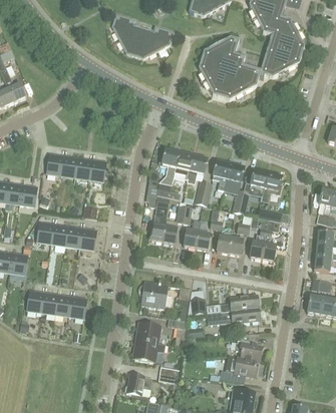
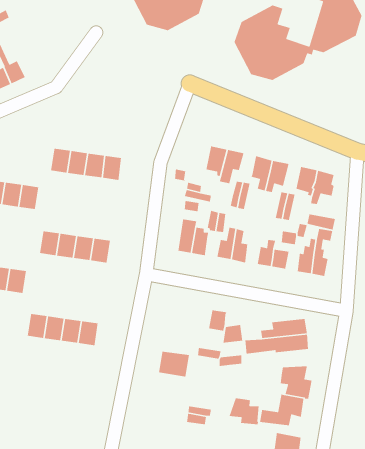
building: [158,148,179,180] -> none
building: [139,281,169,308] -> none
building: [132,339,165,361] -> none
building: none -> [228,398,259,425]
building: [126,373,152,394] -> none

